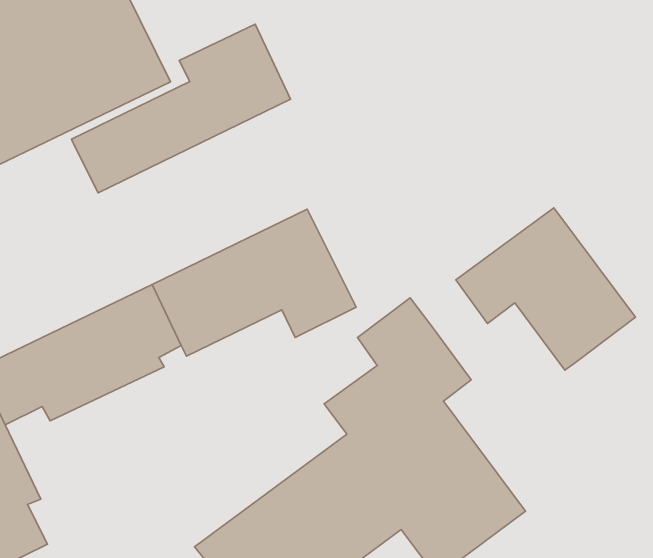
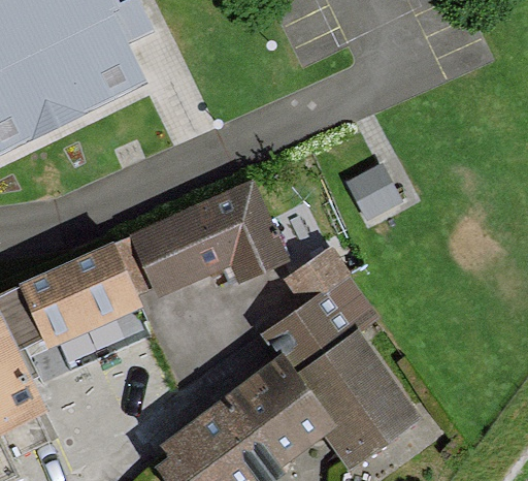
building: [71,24,290,193] -> none
building: [456,208,636,370] -> none

